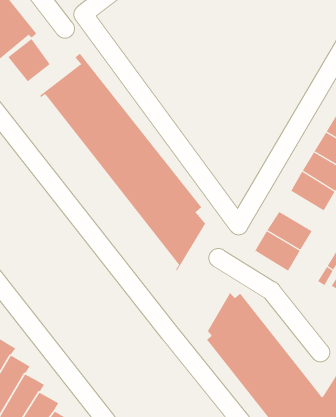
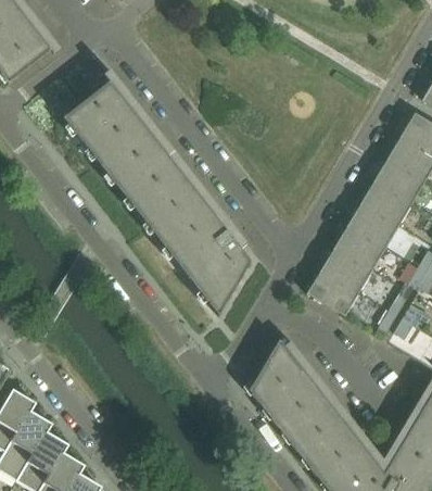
building: [8,38,50,82] -> none
building: none -> [333,227,384,273]

